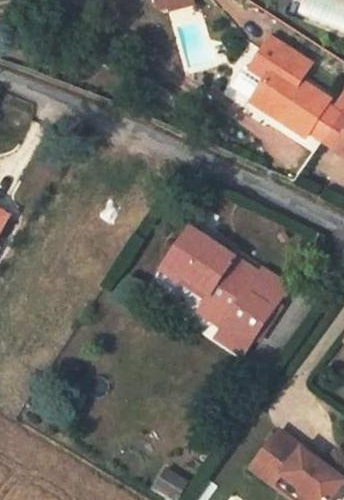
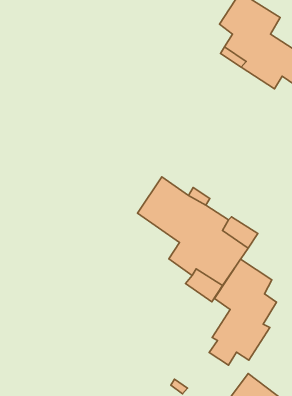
building: none -> [209,259,277,365]

